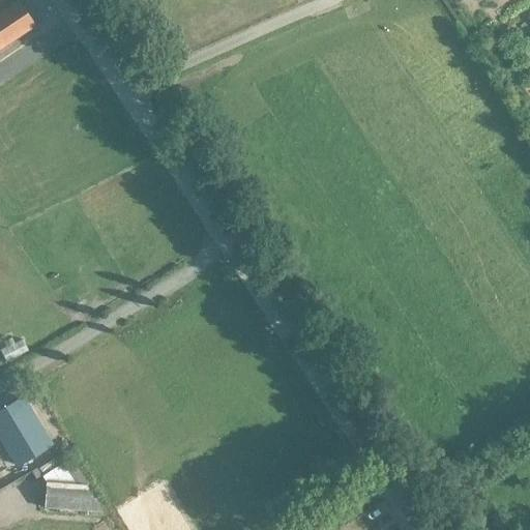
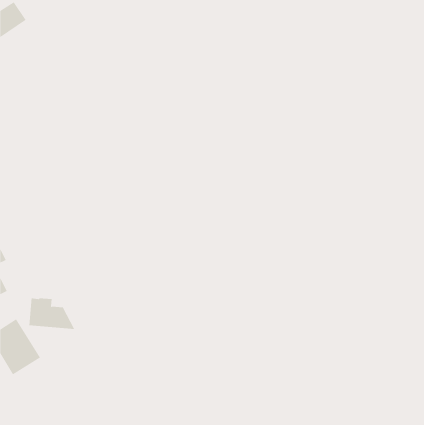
building: [43,473,101,512] -> [28,298,75,330]

